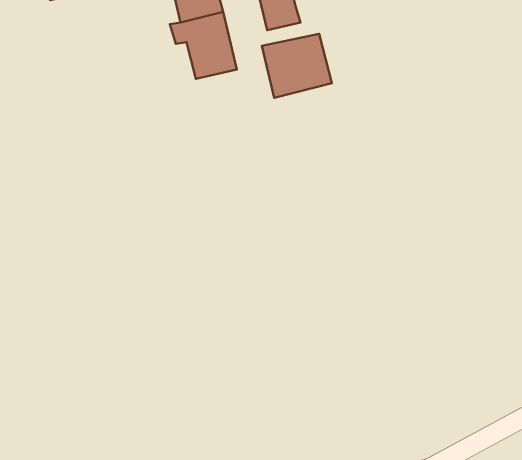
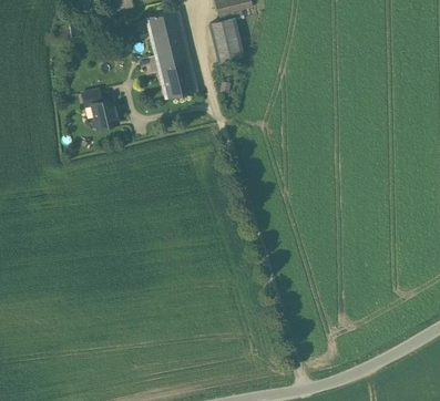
building: [262,34,332,98] -> none
building: none -> [91,97,117,127]

